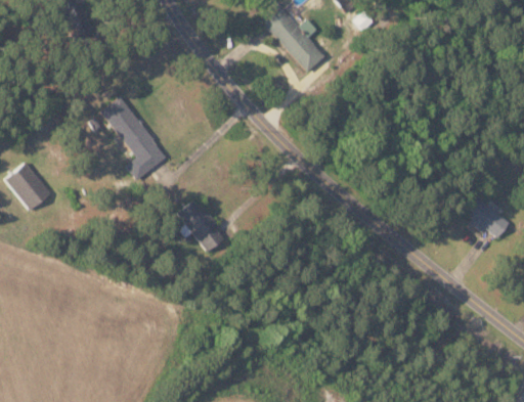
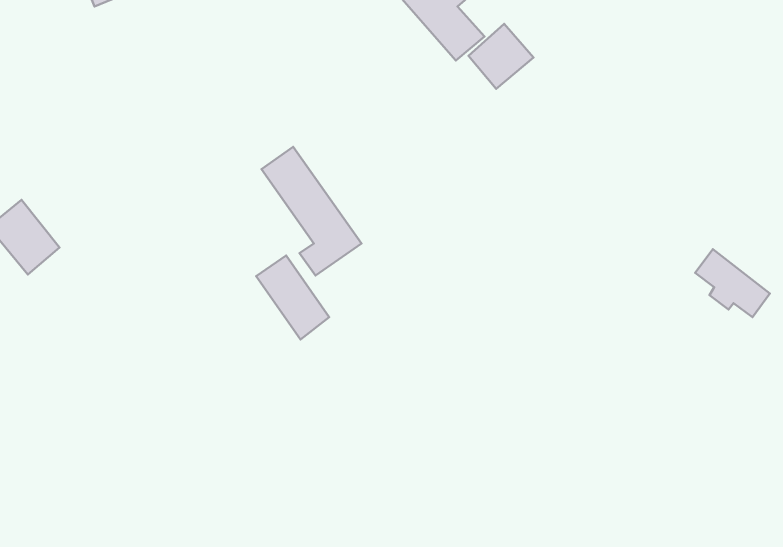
building: none -> [468,24,534,89]
building: [102,96,167,179] -> [262,147,361,275]

